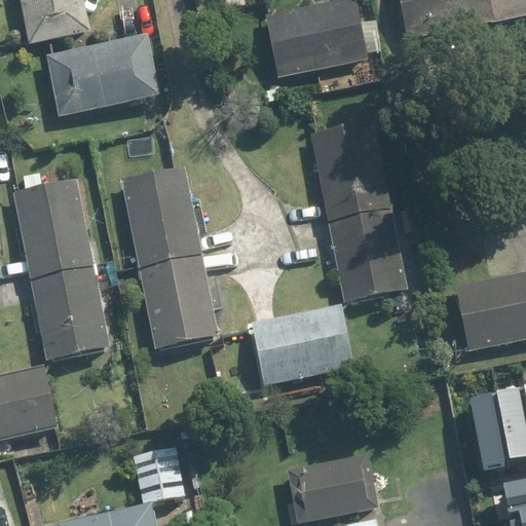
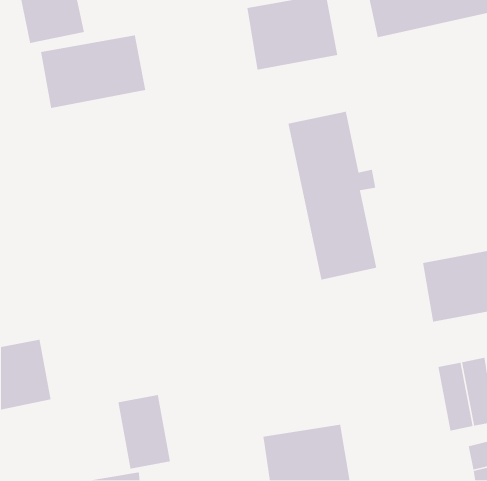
building: [121,167,217,351] -> none
building: [11,168,111,362] -> none
building: [250,303,351,384] -> none

